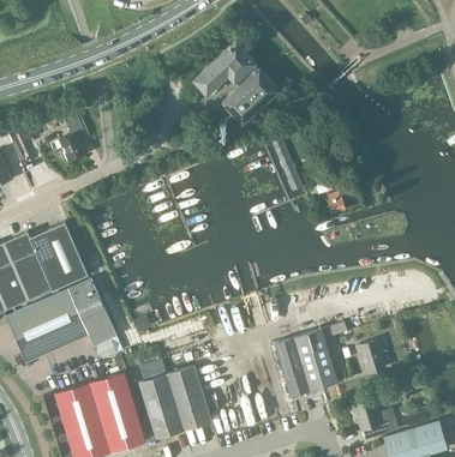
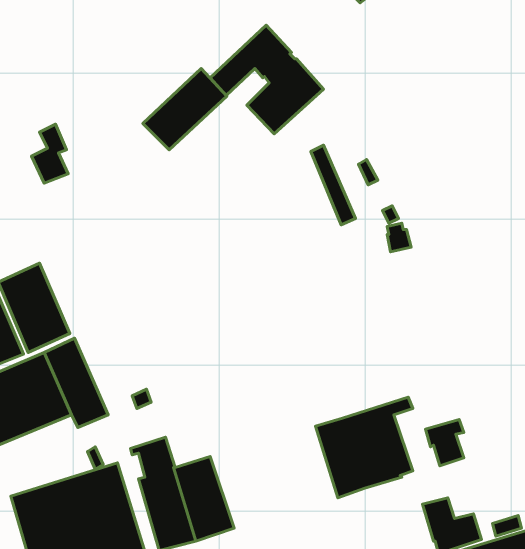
building: none -> [143,68,227,150]

